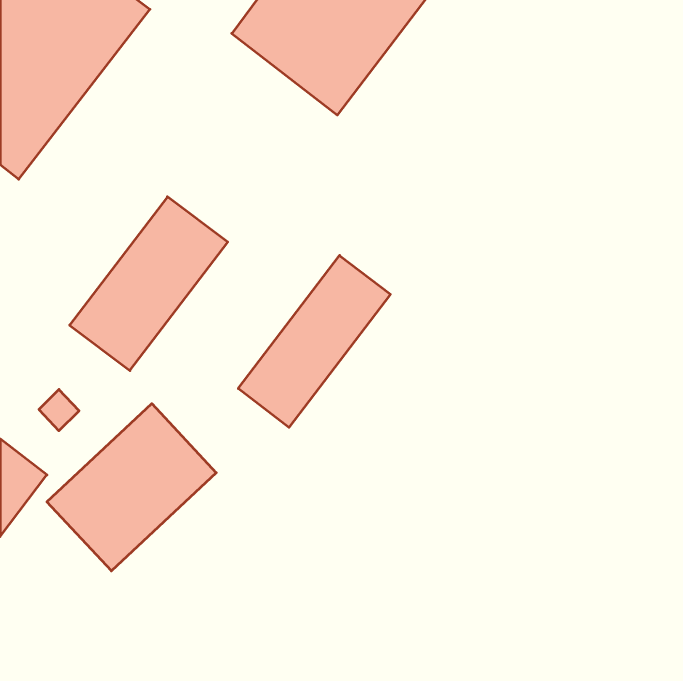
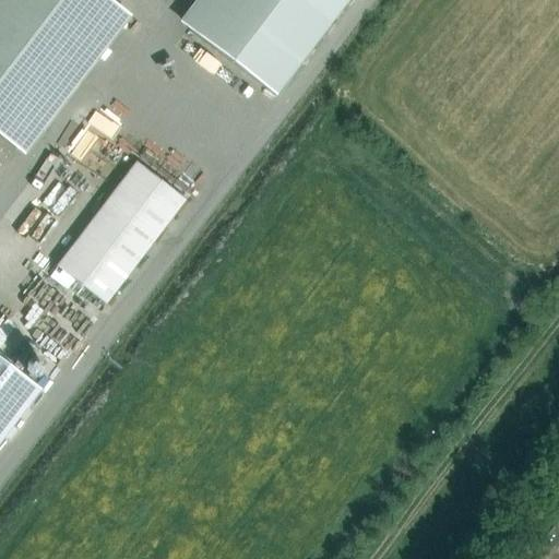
building: [238,255,390,427] -> none
building: [47,404,216,571] -> none

